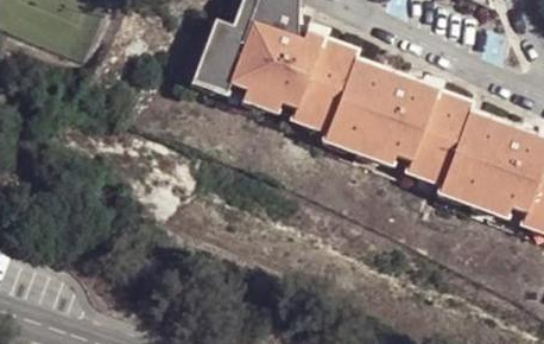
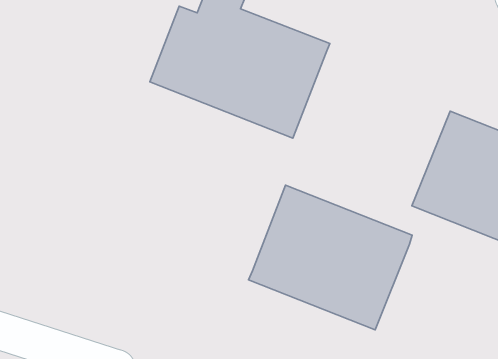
building: [322,53,474,187] -> [249,185,412,330]

